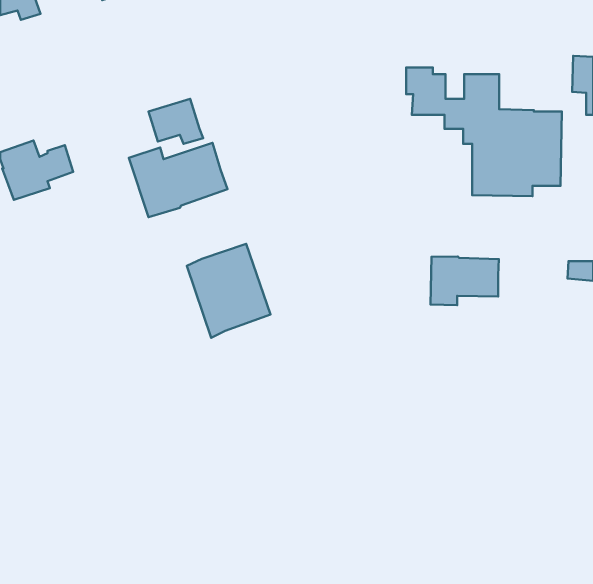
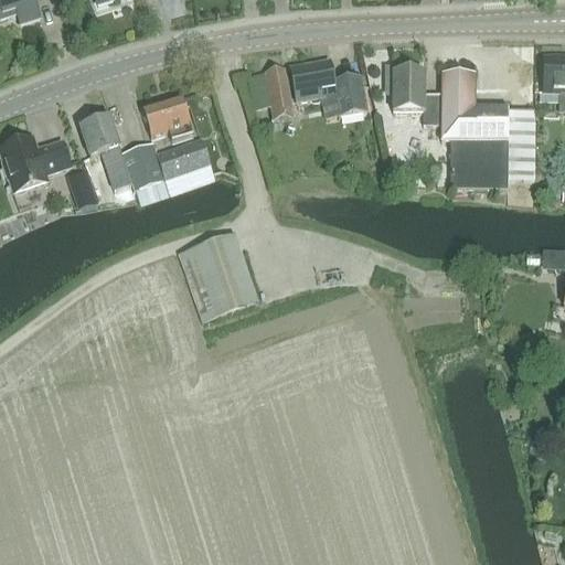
building: none -> [290,57,366,116]
building: none -> [249,65,292,117]
building: none -> [79,116,131,190]
building: [431,257,499,305] -> none

